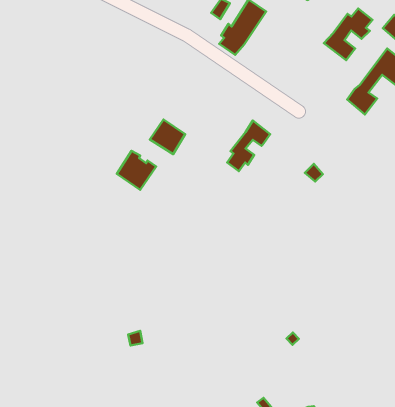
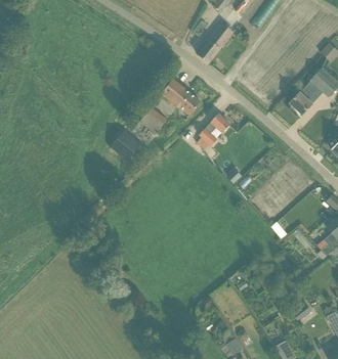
building: [324,8,373,60] -> none
building: none -> [162,80,201,116]

